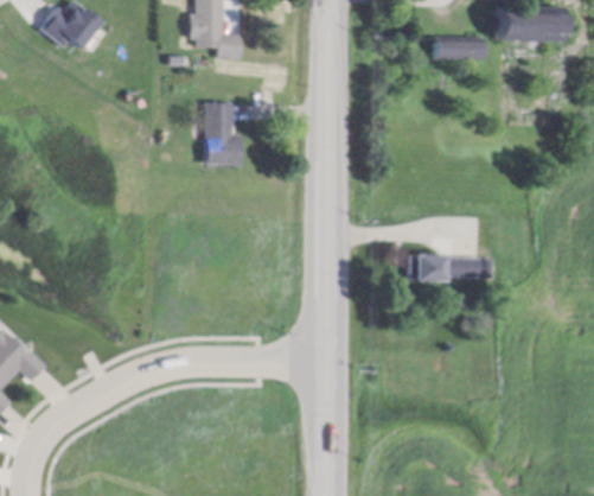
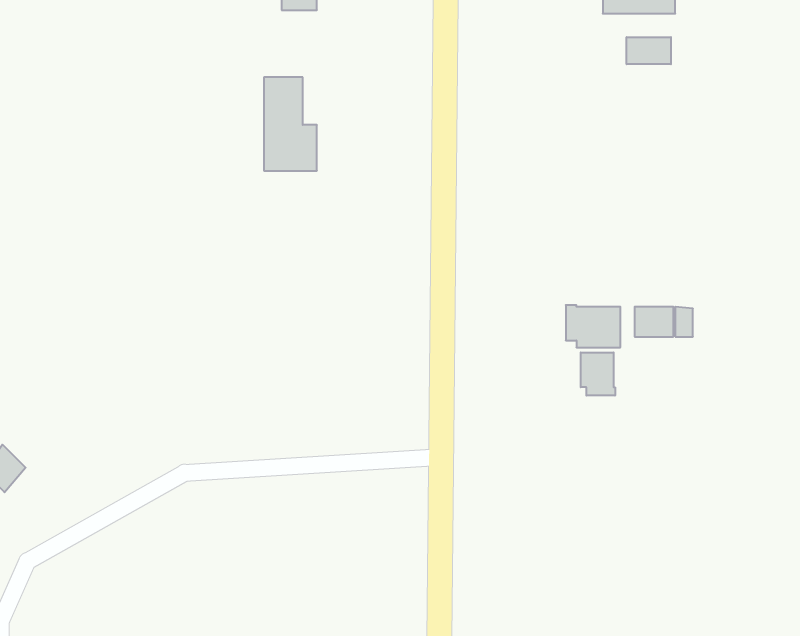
building: none -> [627,37,671,64]
building: none -> [581,352,615,396]

